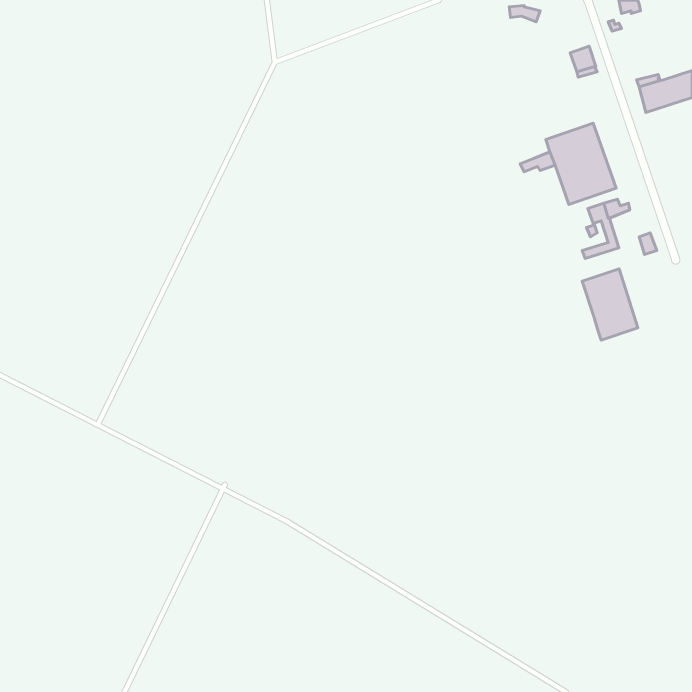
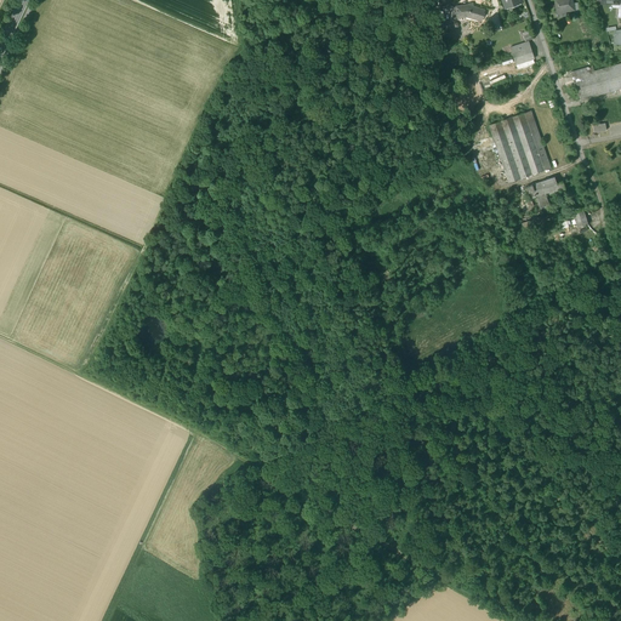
building: [582,269,638,340] -> none

